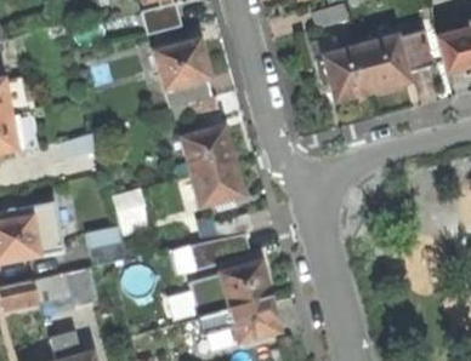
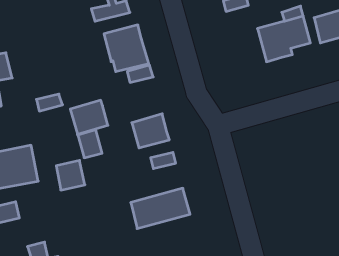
building: [316,47,371,102] -> none
building: [180,128,231,174] -> [70,100,108,134]
building: [188,234,250,270] -> none
building: [34,270,92,308] -> none
building: [195,298,277,344] -> none

